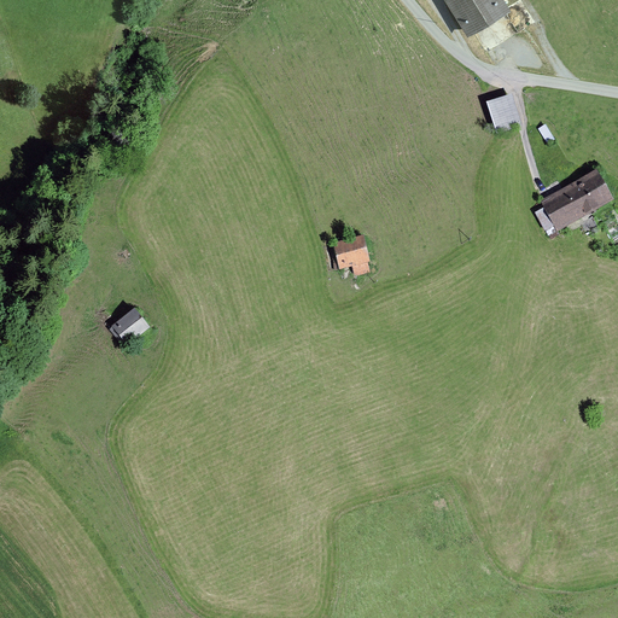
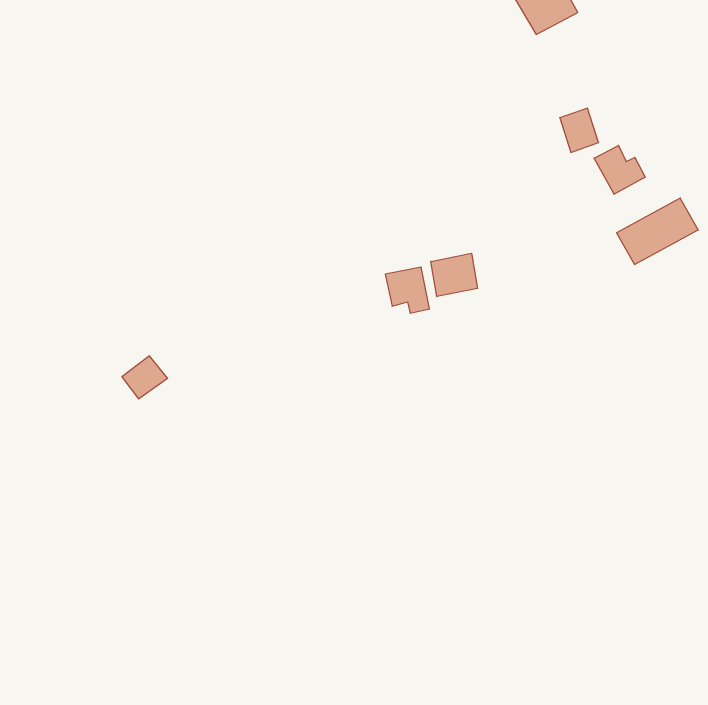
building: none -> [594,145,645,194]
building: none -> [431,253,478,297]

